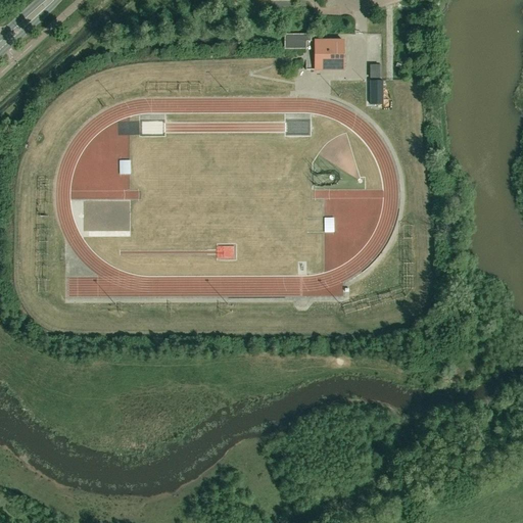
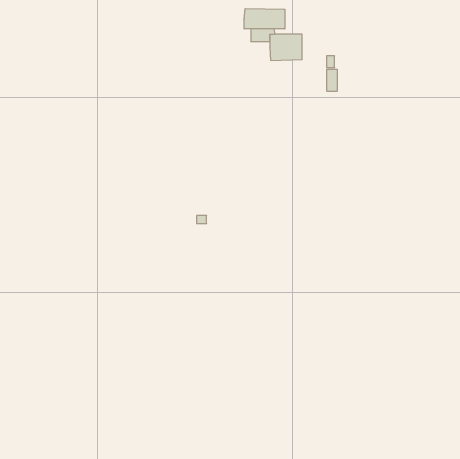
building: none -> [244,9,285,29]

